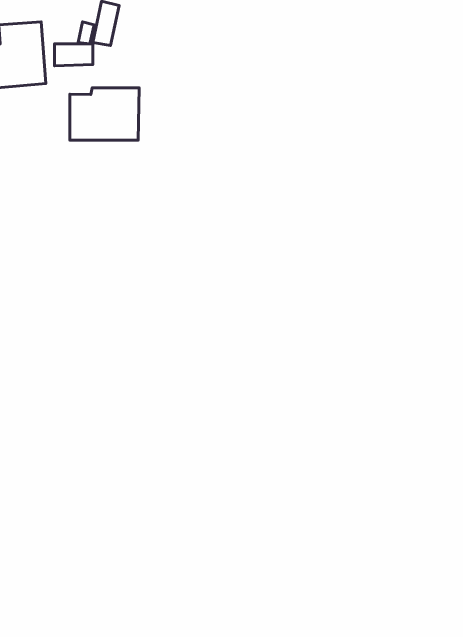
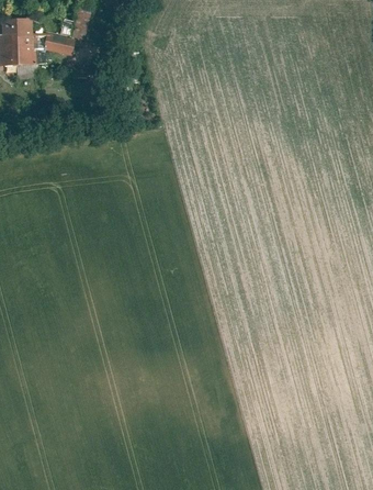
building: [70,88,139,140] -> none

